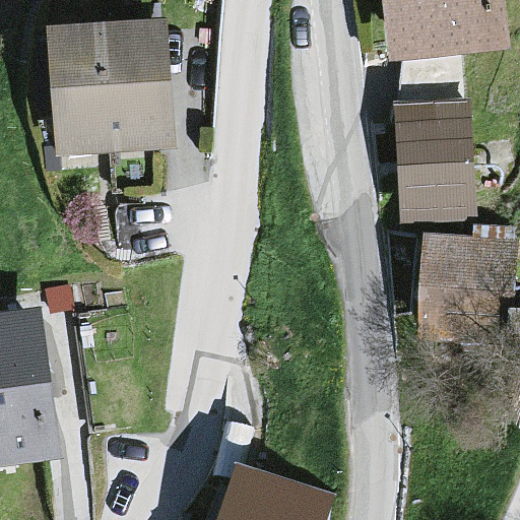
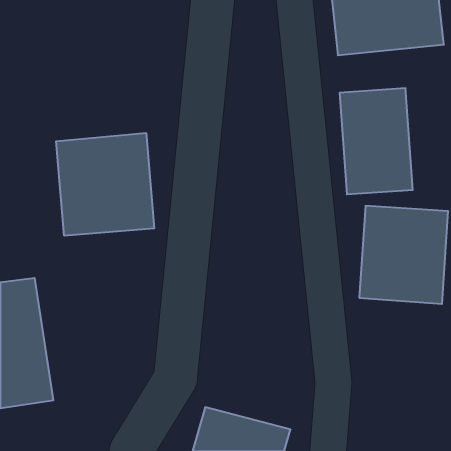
building: [44,16,175,158] -> none
building: none -> [56,133,154,236]

